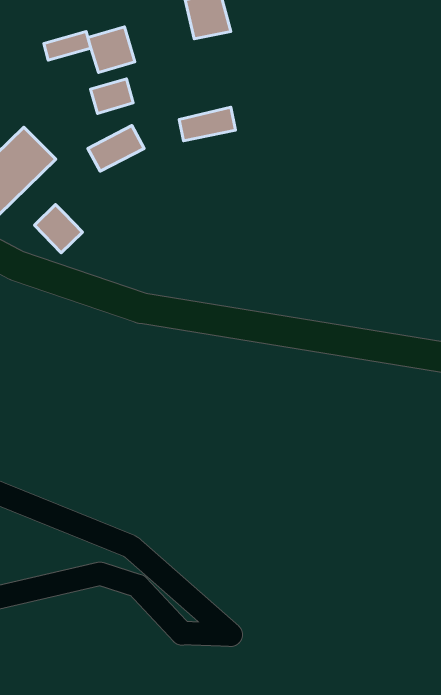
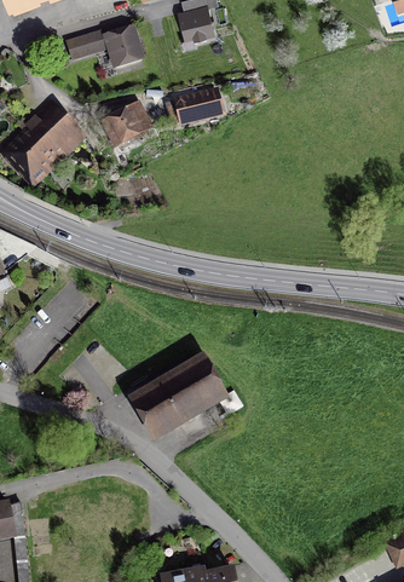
building: [91,79,133,113] -> none
building: [34,204,82,253] -> none
building: none -> [134,353,224,432]

